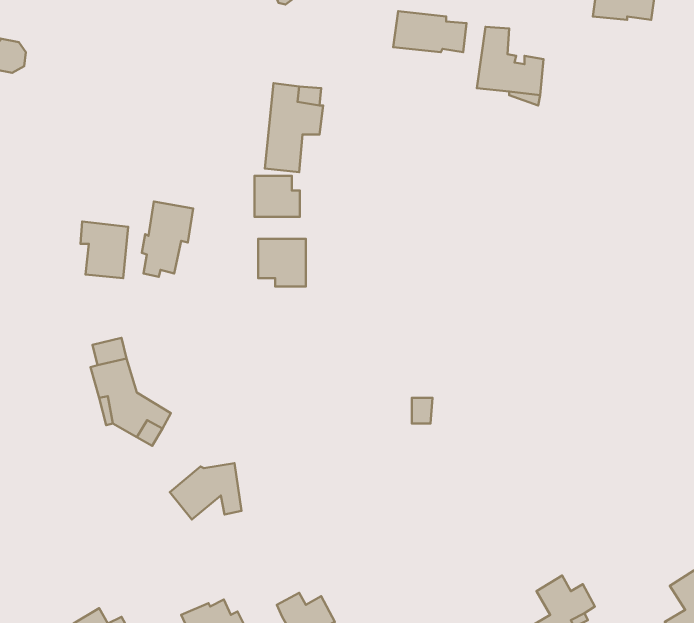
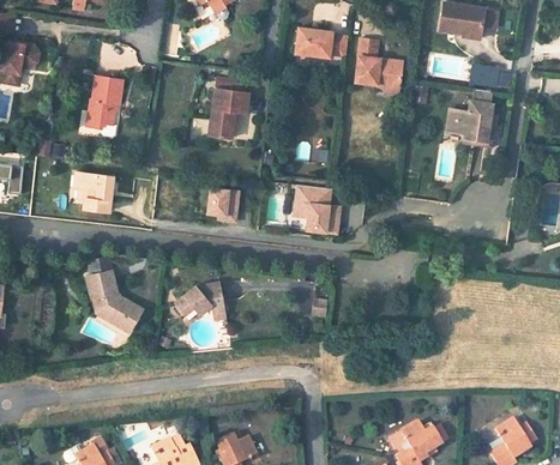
building: none -> [468,62,498,85]
building: none -> [453,89,493,141]
building: [255,176,300,217] -> none
building: [142,202,193,277] -> [89,76,125,128]
building: none -> [291,183,341,232]
building: [170,463,241,520] -> [176,284,227,324]

